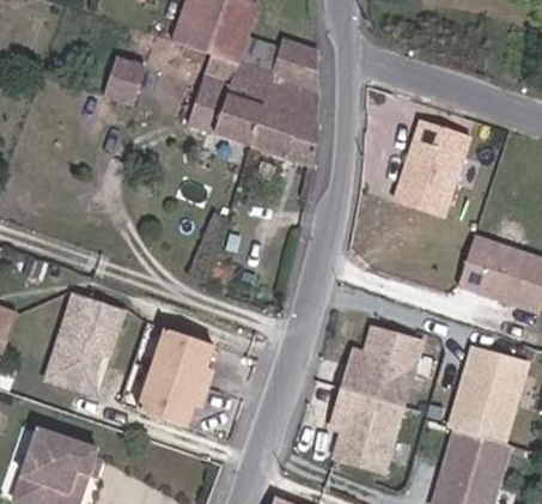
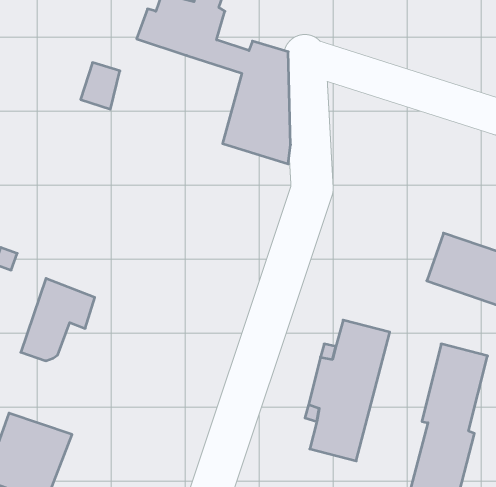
building: [194,60,270,148] -> none
building: [395,125,469,218] -> none
building: [138,326,212,421] -> none
building: [45,328,114,388] -> none

